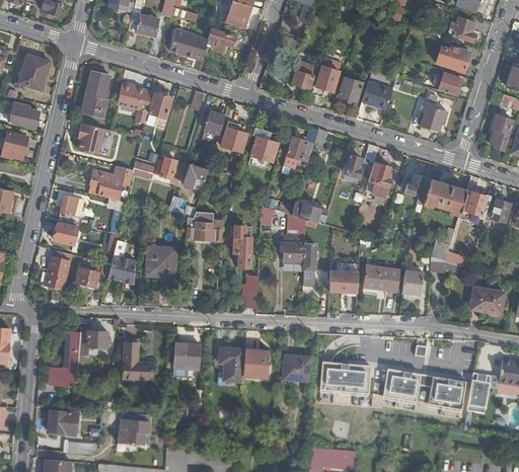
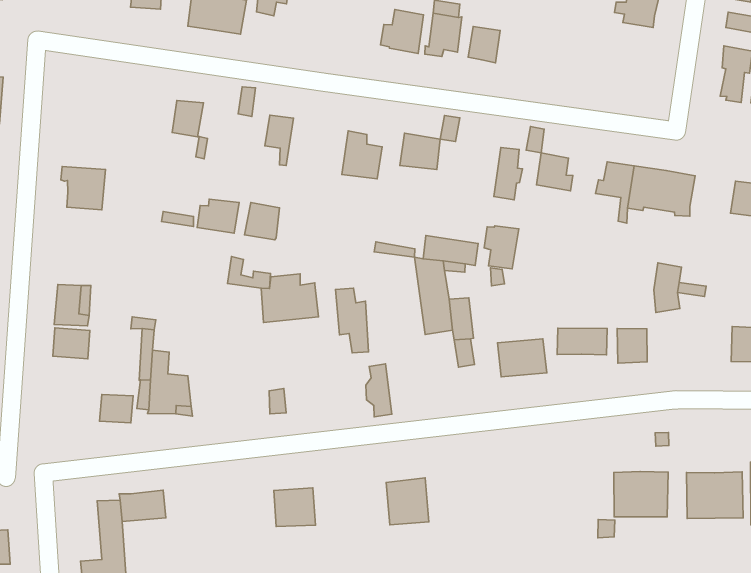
building: [85,74,110,119] -> none
building: [361,81,391,109] -> none
building: [118,84,152,125] -> none
building: [420,101,447,132] -> none
building: [220,123,247,153] -> none
building: [88,166,134,201] -> none
building: [460,176,491,218] -> none
building: none -> [484,226,519,269]
building: [148,246,176,276] -> none
building: [45,250,73,290] -> none
building: [123,341,153,379] -> none
building: [219,347,246,382] -> none
building: [284,356,311,381] -> none
building: [319,359,371,390] -> none

